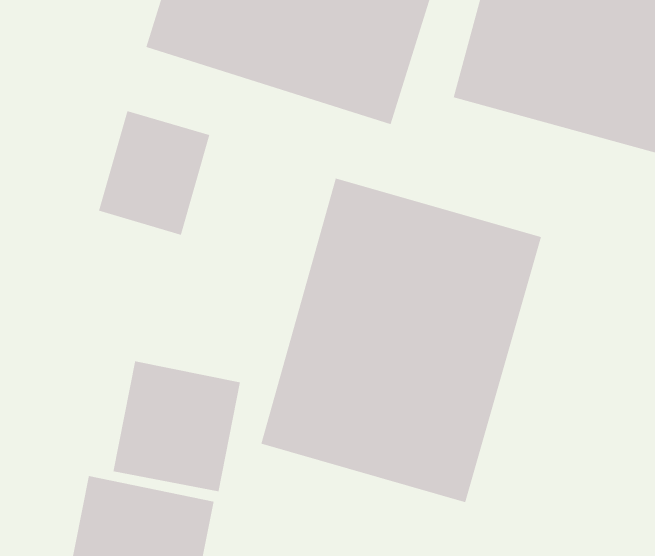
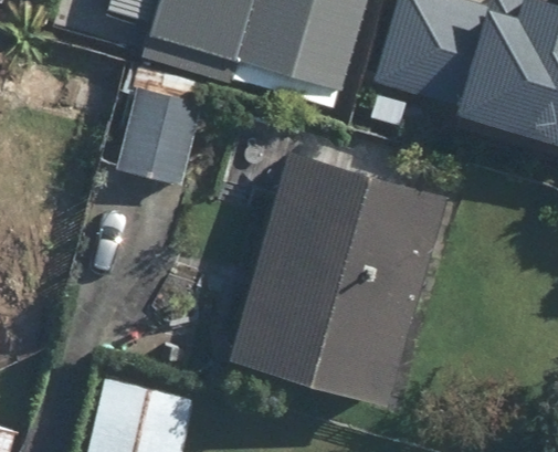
building: [113,360,240,492] -> none

